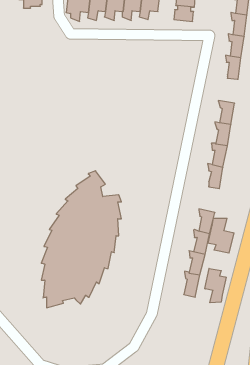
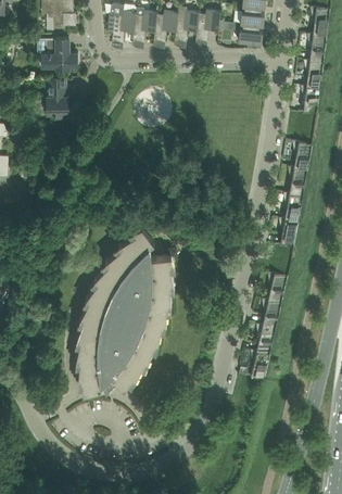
building: none -> [37,36,77,68]
building: none -> [46,76,68,117]
building: none -> [134,87,170,126]
building: [208,218,234,253] -> none
building: [205,268,226,303] -> none

